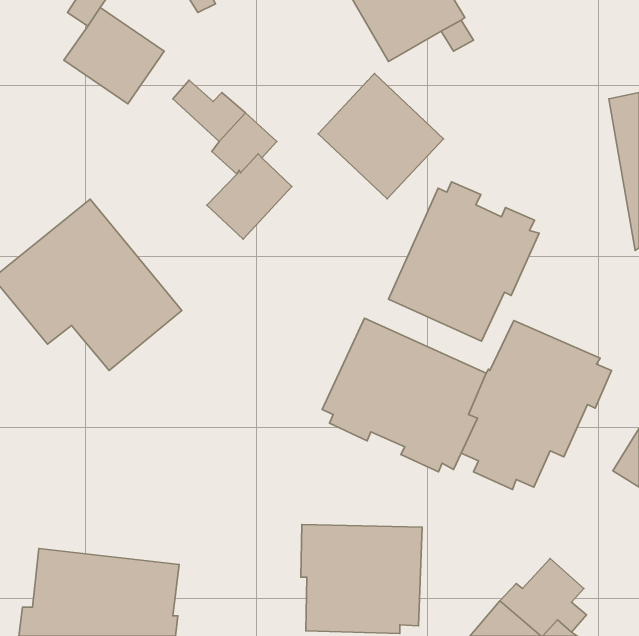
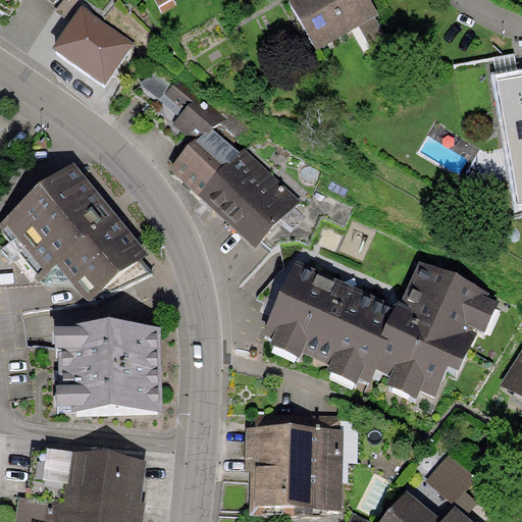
building: [318,74,443,199] -> [198,146,300,248]
building: [389,182,539,341] -> none
building: none -> [54,325,161,413]

